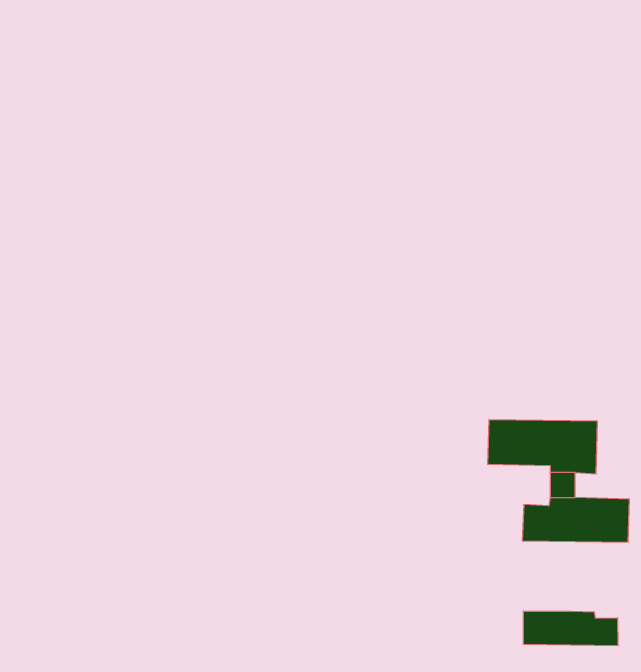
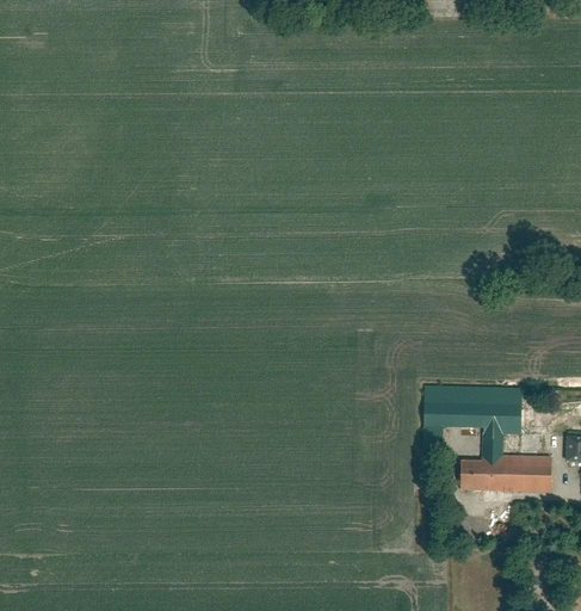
building: [523,611,618,646] -> none

